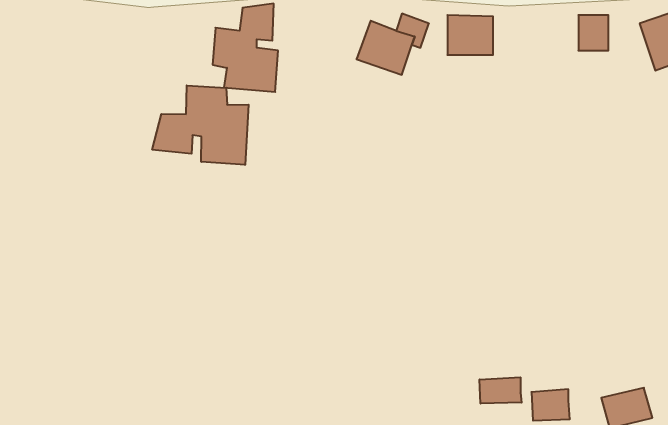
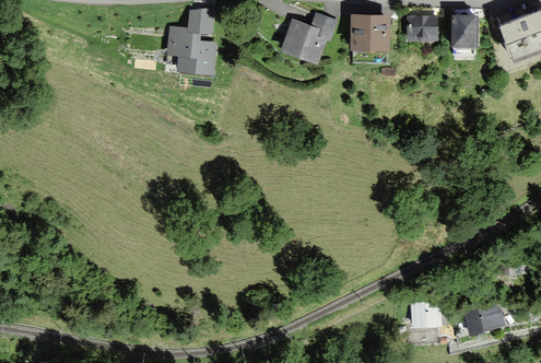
building: none -> [408,17,435,38]
building: [152,85,249,165] -> none
building: [480,377,522,404] -> none

